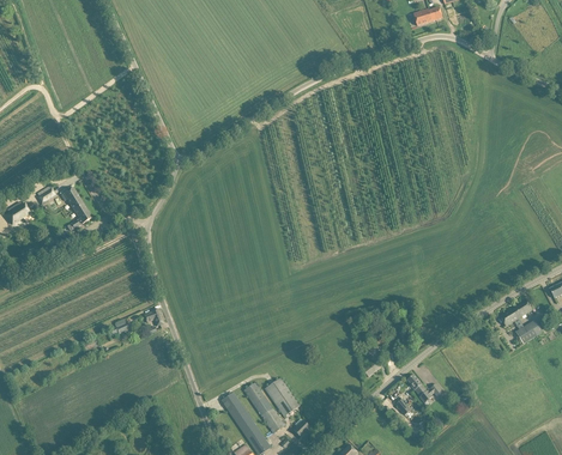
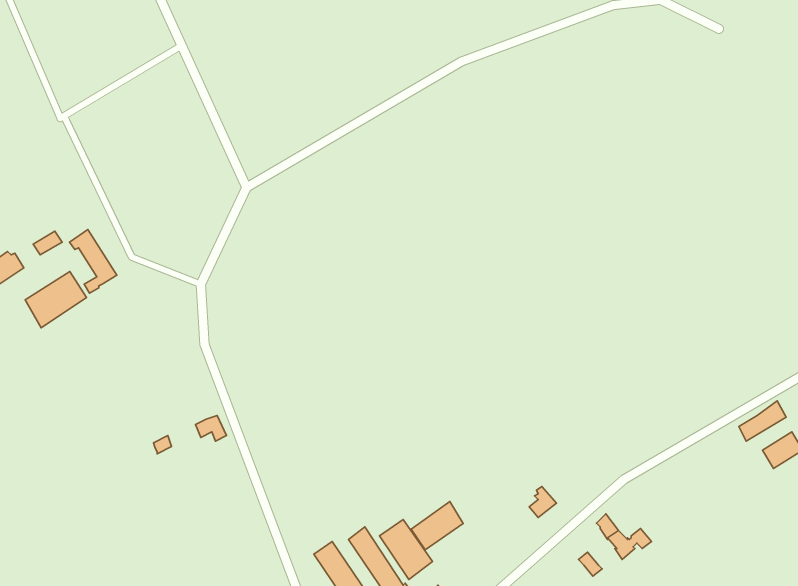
building: none -> [25,271,87,328]
building: none -> [411,502,463,550]

